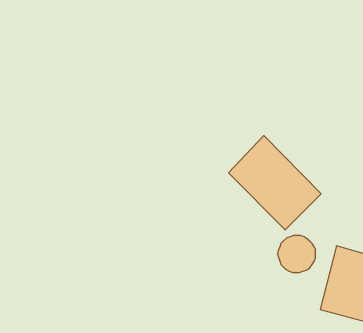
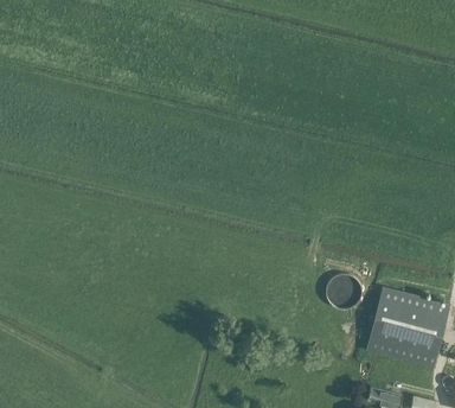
building: [229,136,321,230] -> none

